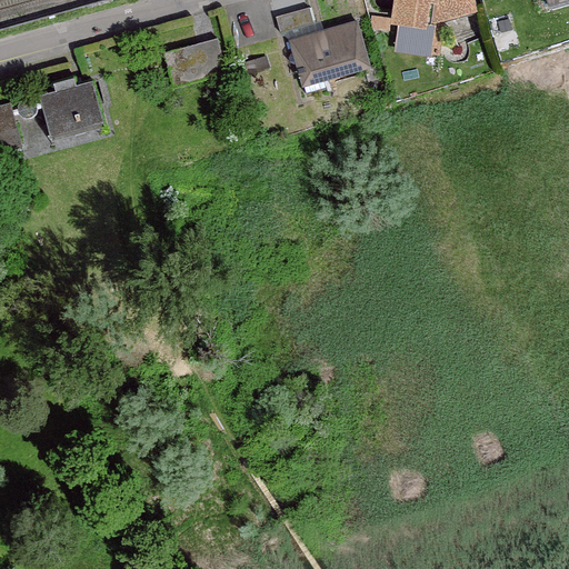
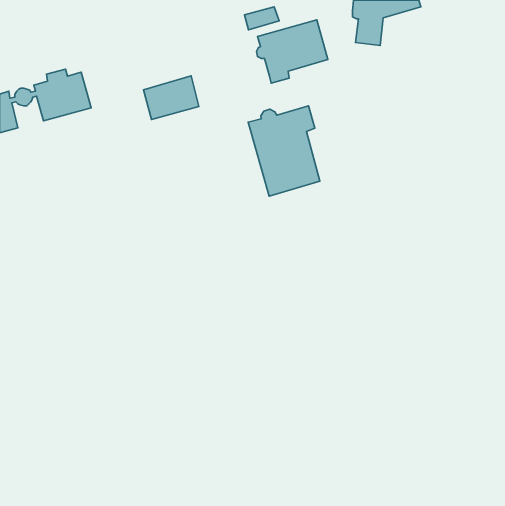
building: [163,38,226,87] -> [143,76,199,120]
building: none -> [248,106,320,196]

